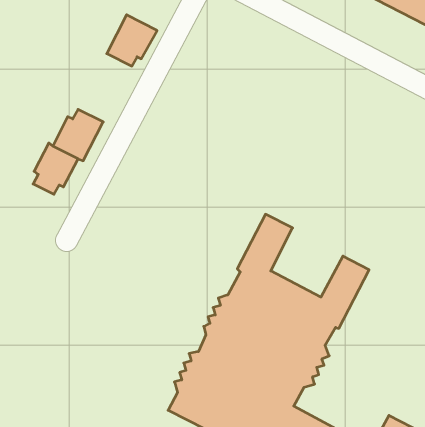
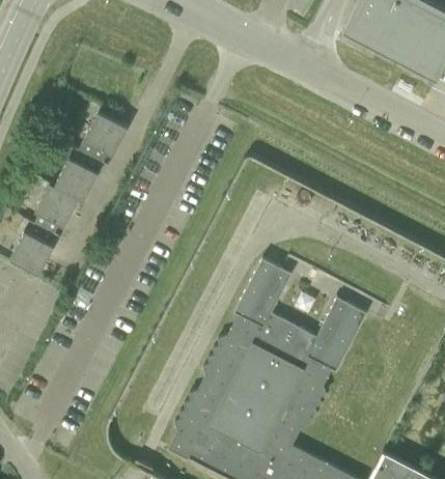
building: [107,15,157,66] -> [78,113,128,164]
building: none -> [9,225,54,276]

